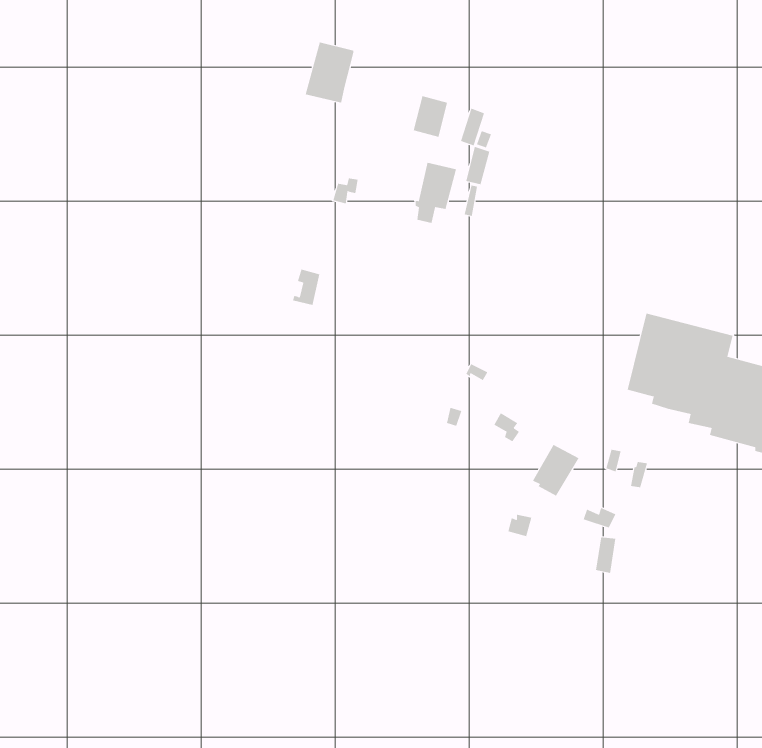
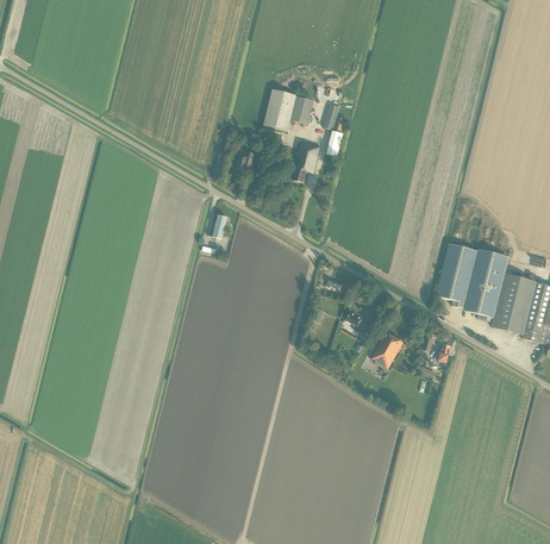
building: [305,42,354,103] -> [262,87,295,129]

